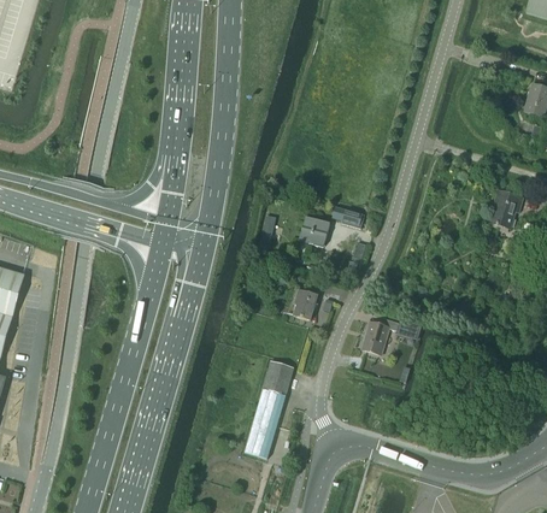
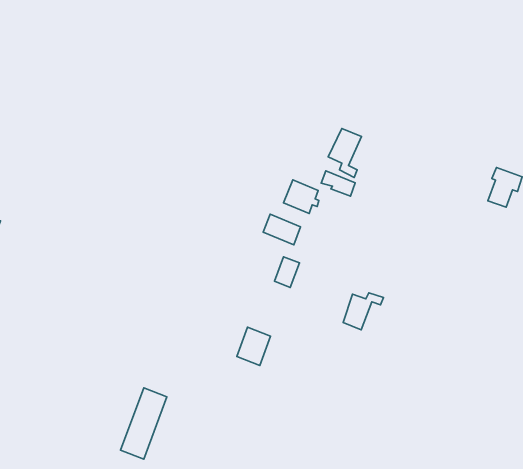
building: none -> [328,129,361,177]
building: none -> [263,214,301,245]
building: [243,388,284,456] -> [121,388,167,459]

